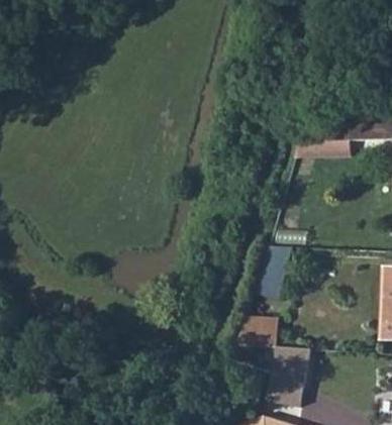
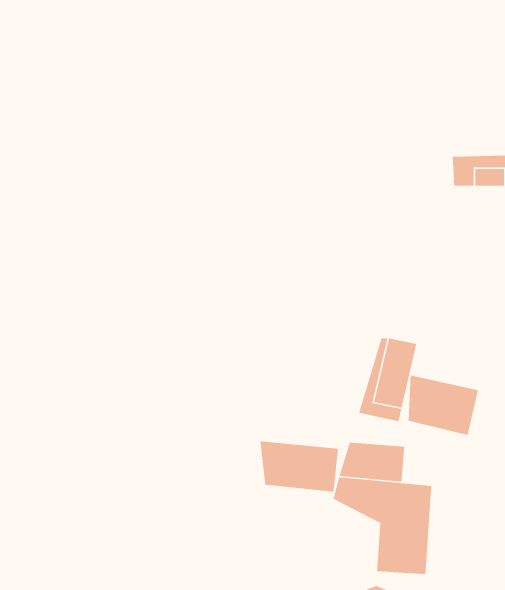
building: none -> [408,375,479,436]
building: none -> [259,441,339,493]

